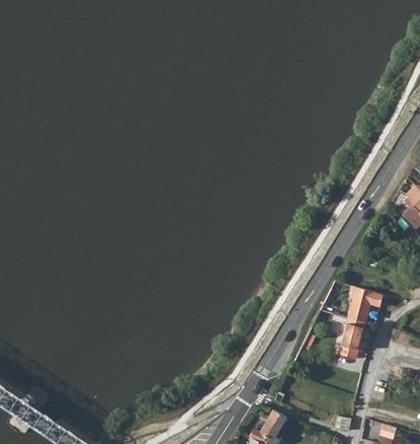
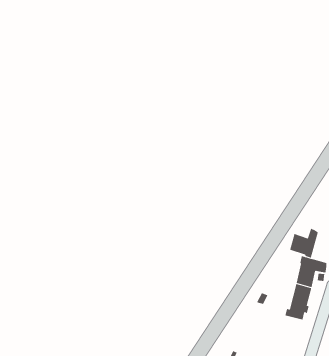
building: none -> [289,228,318,258]

